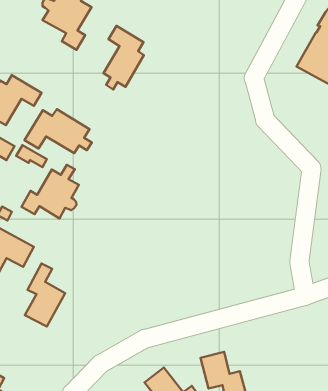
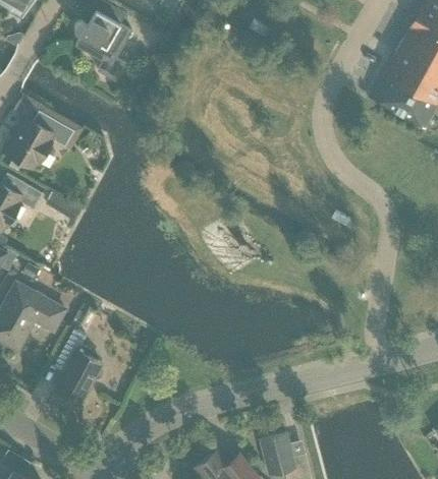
building: [103,26,144,89] -> none
building: [24,109,92,153] -> none
building: [22,165,79,218] -> none

